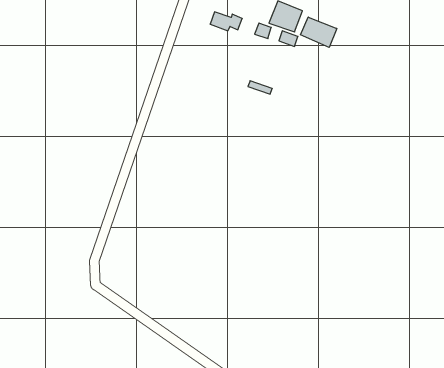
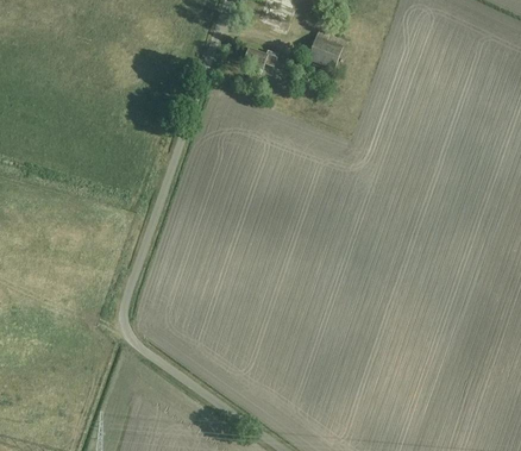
building: [300,17,337,47] -> none

